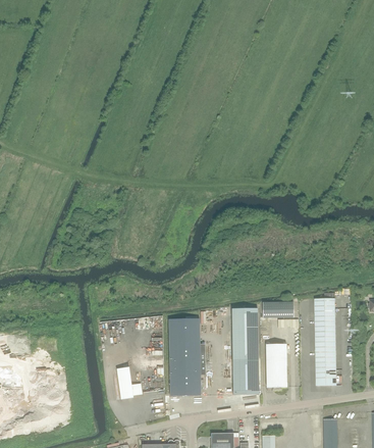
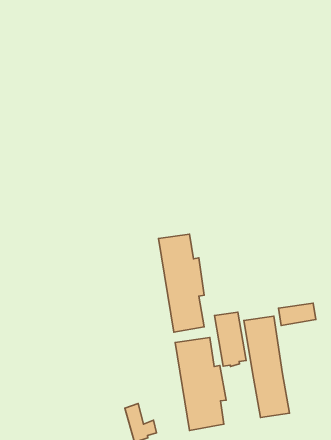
building: none -> [159,234,204,332]
building: [266,344,287,390] -> [215,312,246,366]

